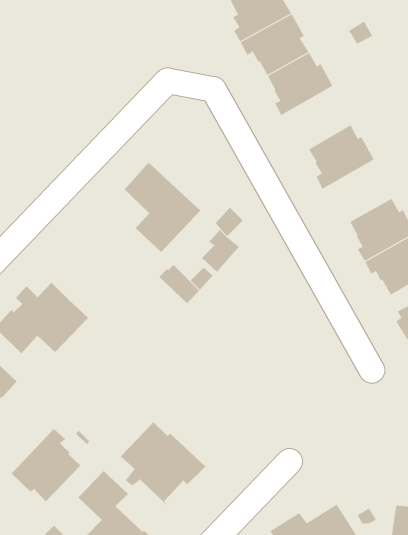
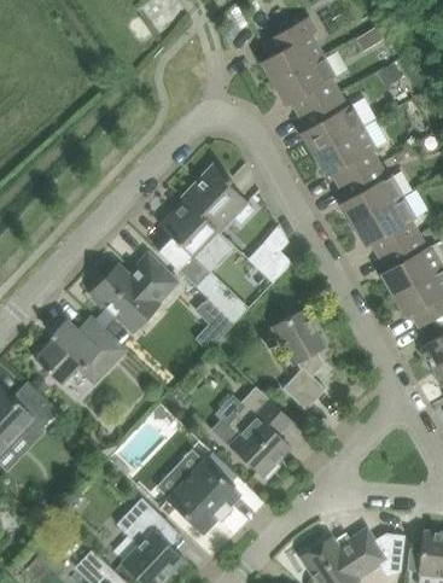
building: none -> [313,126,380,187]
building: none -> [182,163,247,232]
building: none -> [352,197,420,257]
building: none -> [92,255,177,332]
building: none -> [273,309,326,410]
building: none -> [227,386,291,477]
building: [11,428,81,502] -> none

